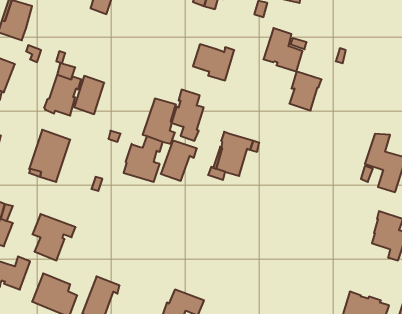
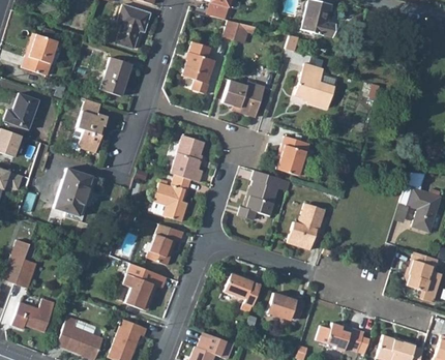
building: [289,71,322,111] -> [277,136,310,176]
building: [74,76,104,114] -> [100,57,131,96]
building: [172,90,204,141] -> [182,41,215,94]
building: [161,141,197,181] -> [147,223,184,265]
building: none -> [288,203,325,249]
building: [32,214,76,260] -> [122,264,167,311]
building: none -> [224,271,261,312]
building: none -> [267,293,305,320]
building: none -> [317,323,364,352]

